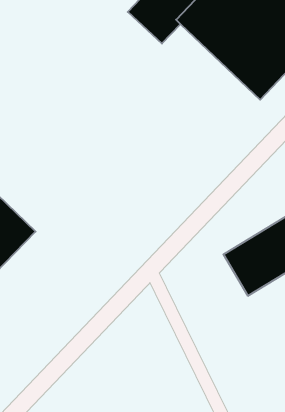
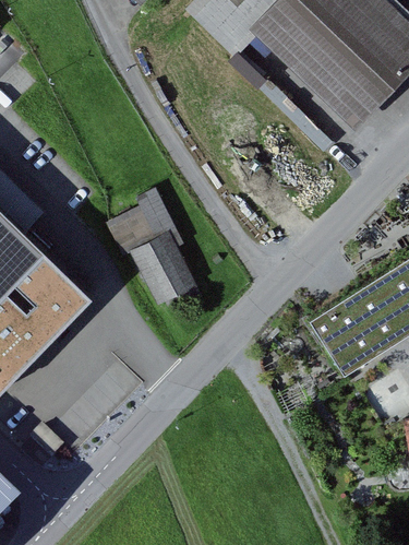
building: none -> [103,185,193,307]

